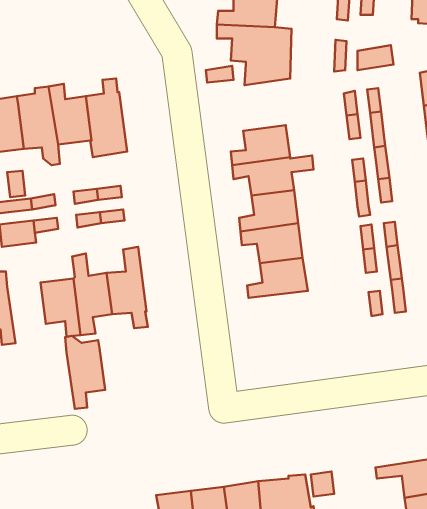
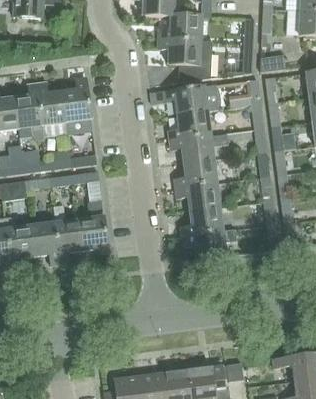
building: none -> [150,85,220,115]
building: none -> [181,229,237,259]
building: [65,336,105,409] -> [5,216,34,269]

